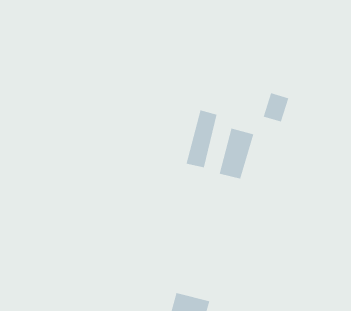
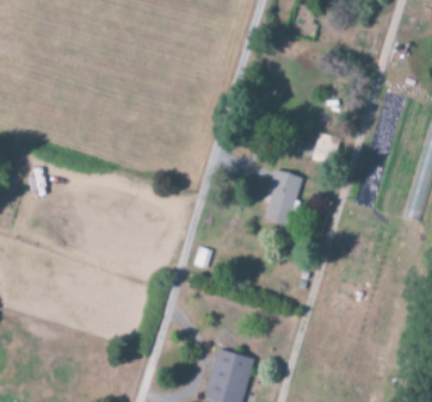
building: [186,110,217,168] -> none

